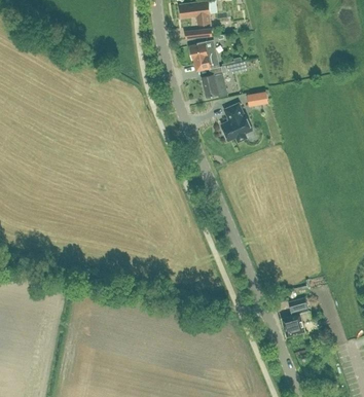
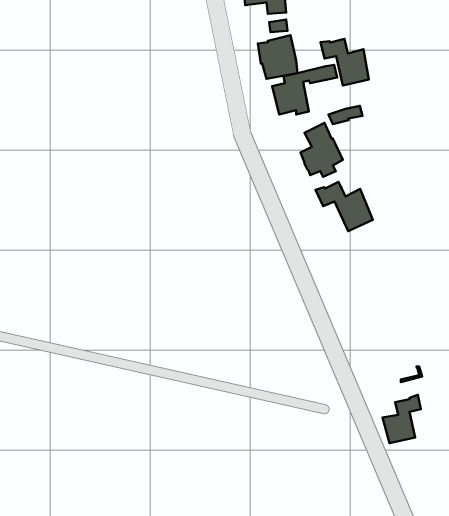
building: none -> [320,39,369,85]
building: none -> [315,182,373,231]

